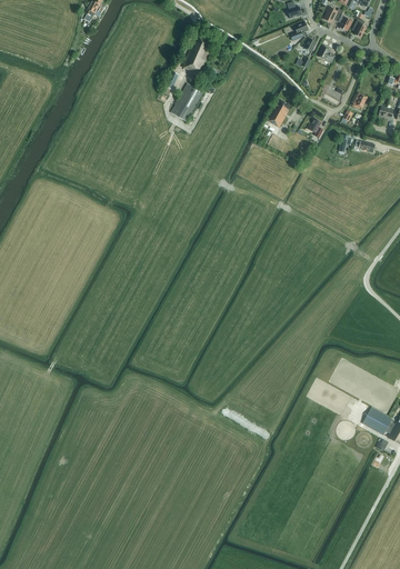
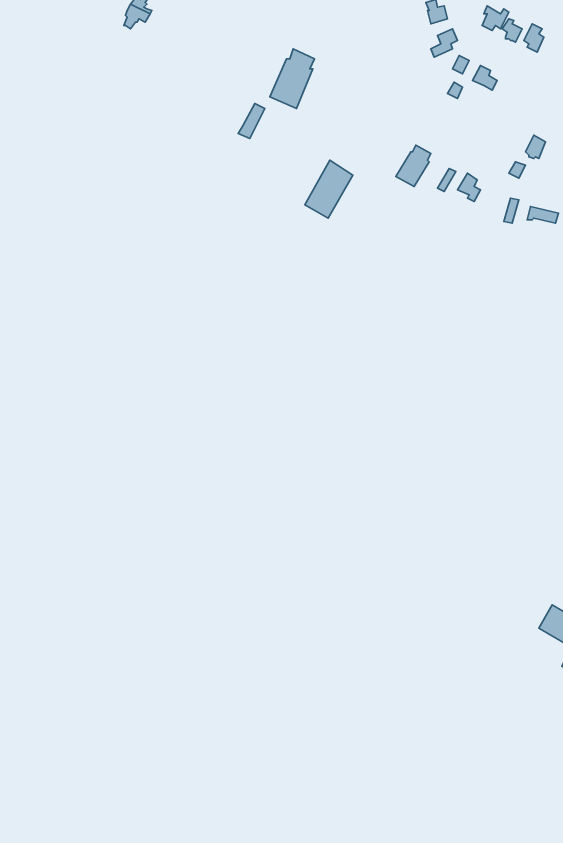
building: [171,82,203,121] -> [305,160,353,218]

